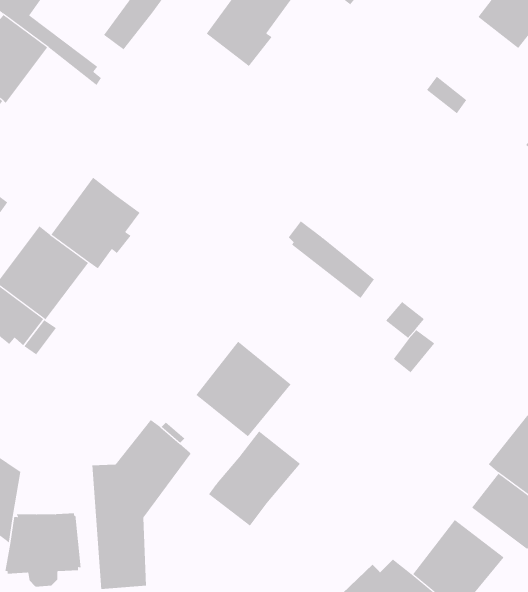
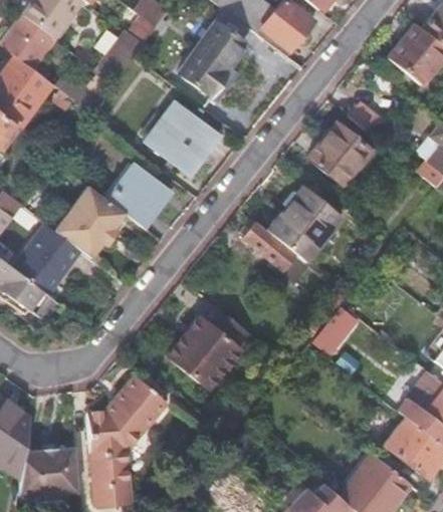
building: none -> [146,100,221,176]
building: none -> [308,122,370,185]
building: none -> [106,164,171,227]
building: none -> [268,187,342,262]
building: [208,431,301,526] -> none

